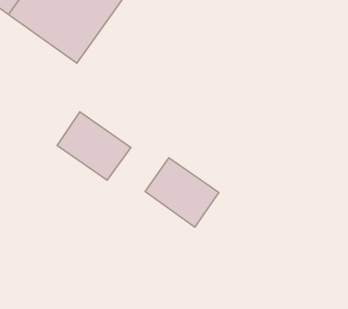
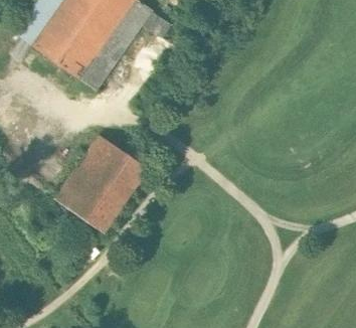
building: [145,158,219,227] -> [55,168,124,232]

